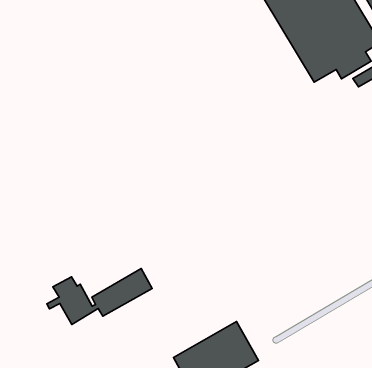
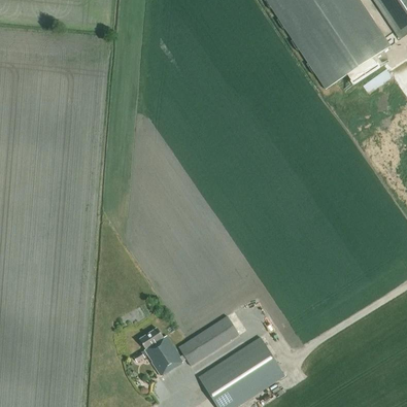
building: [47,268,152,324] -> [134,313,240,374]

